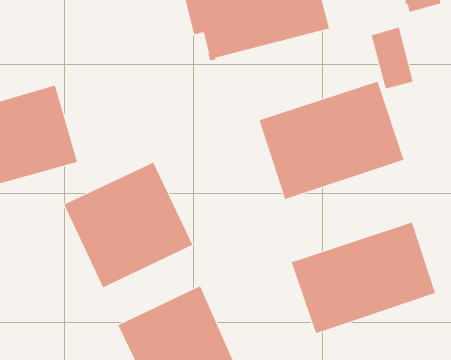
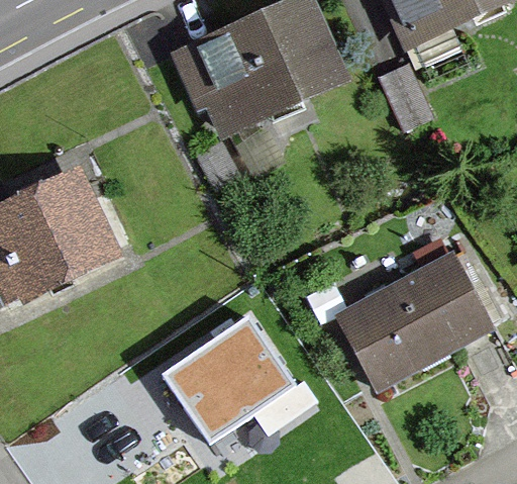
building: [259,81,404,200] -> none
building: [64,162,193,288] -> none

